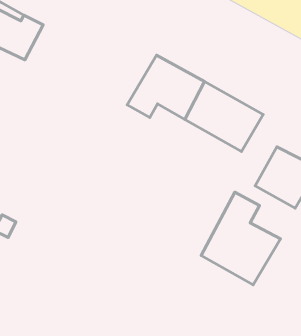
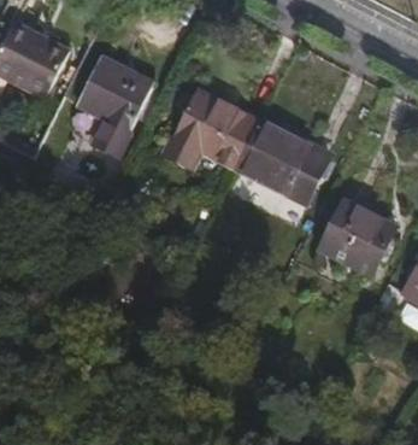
building: none -> [76,53,153,151]
building: [201,192,280,285] -> none

